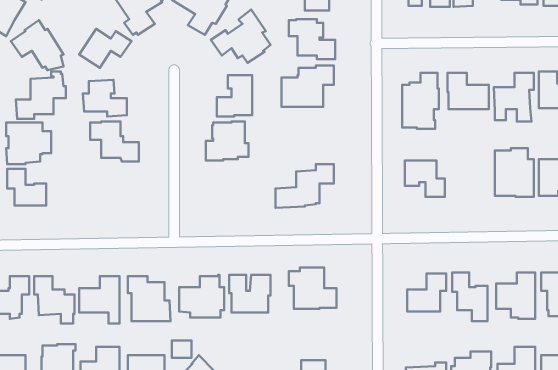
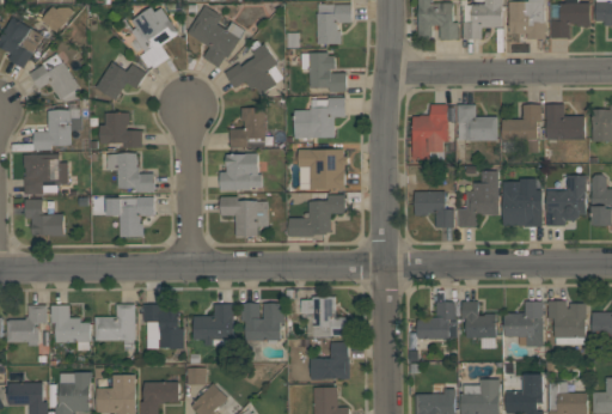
building: none -> [299,150,348,190]
building: none -> [458,171,498,229]
building: none -> [108,197,154,237]
building: none -> [221,197,267,237]
building: none -> [311,342,349,380]

